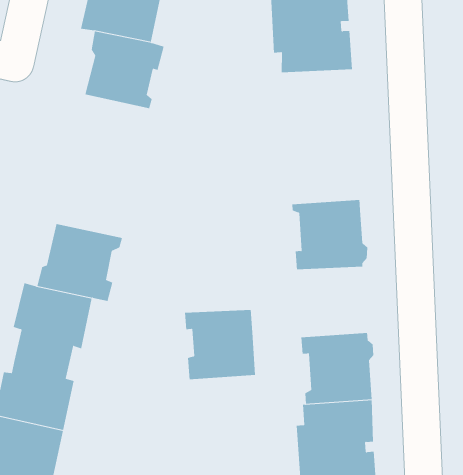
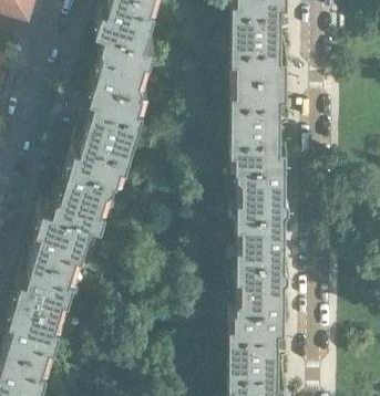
building: none -> [230,72,286,165]
building: none -> [69,77,145,181]
building: [184,309,256,380] -> [236,211,284,259]

